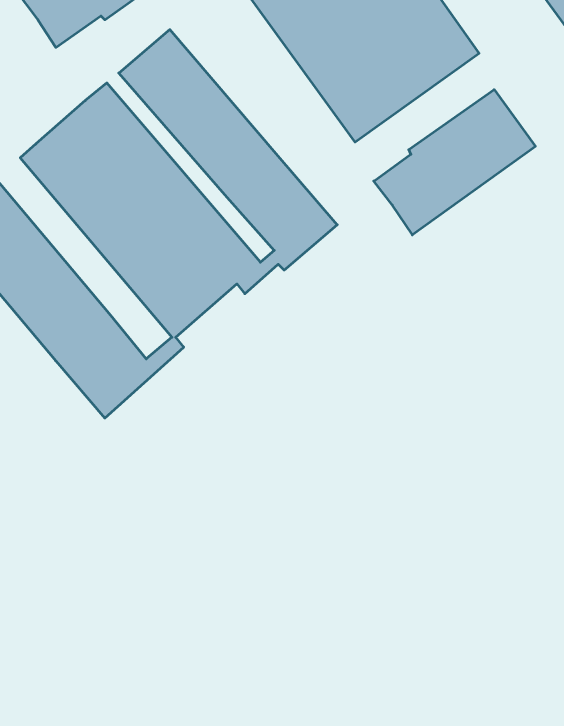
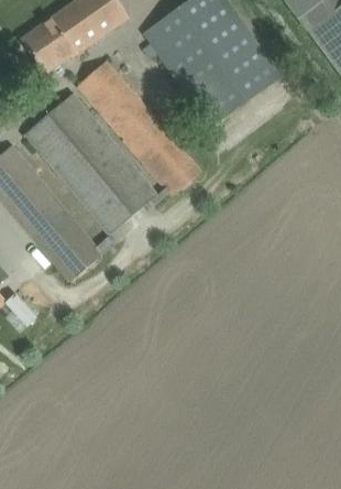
building: [374,90,535,235] -> none

